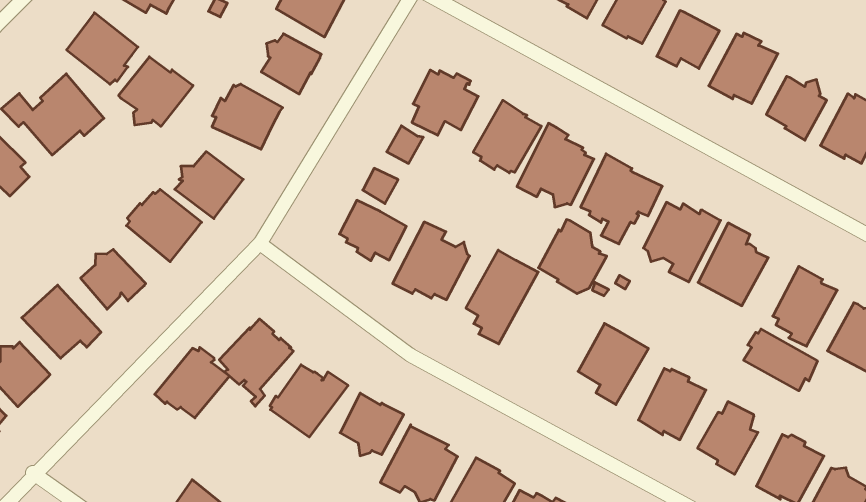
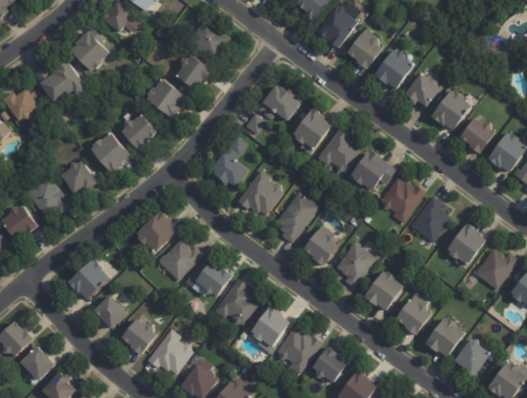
building: [119,57,193,126] -> none
building: [538,220,607,294] -> [298,222,338,264]
building: [744,329,817,391] -> none
building: [155,347,230,418] -> [66,261,109,300]

